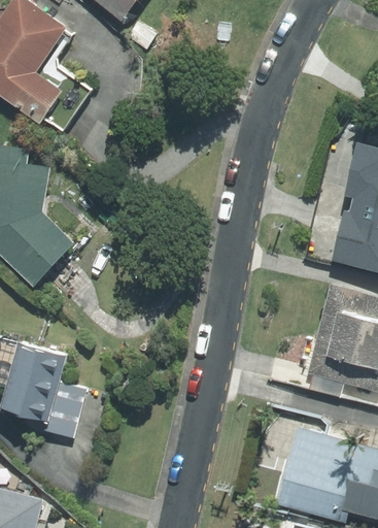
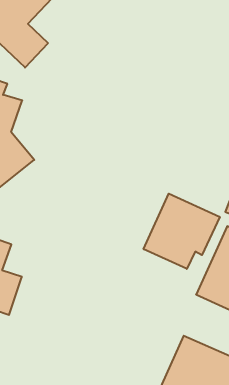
building: none -> [144,194,220,269]

